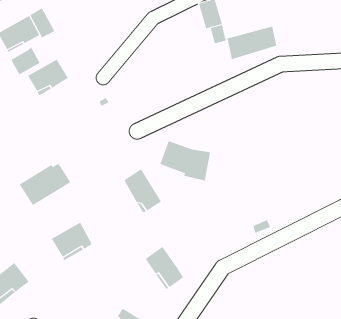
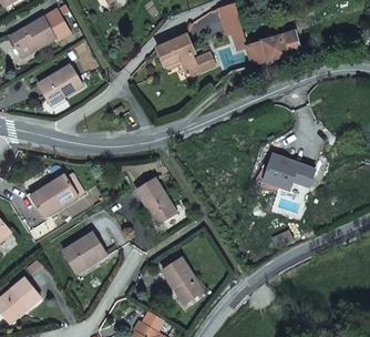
building: none -> [156,32,213,76]
building: [11,47,41,75] -> none
building: [160,141,211,181] -> [264,154,317,196]

